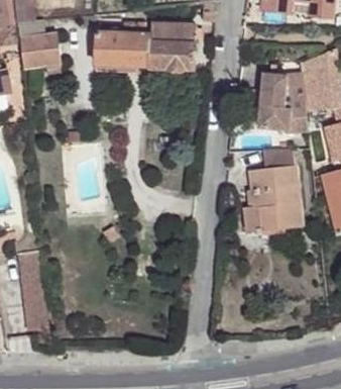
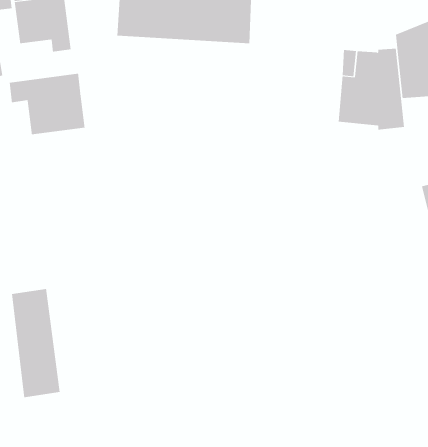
building: none -> [9,73,85,135]
building: [245,148,302,231] -> none

